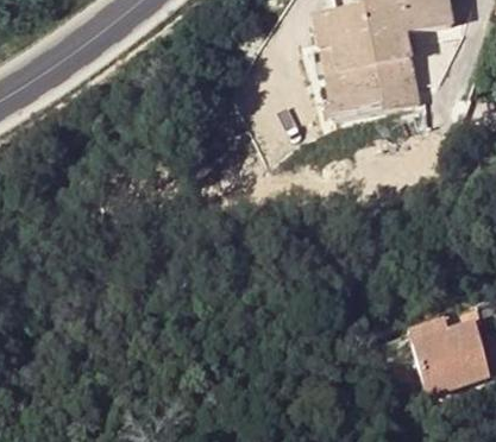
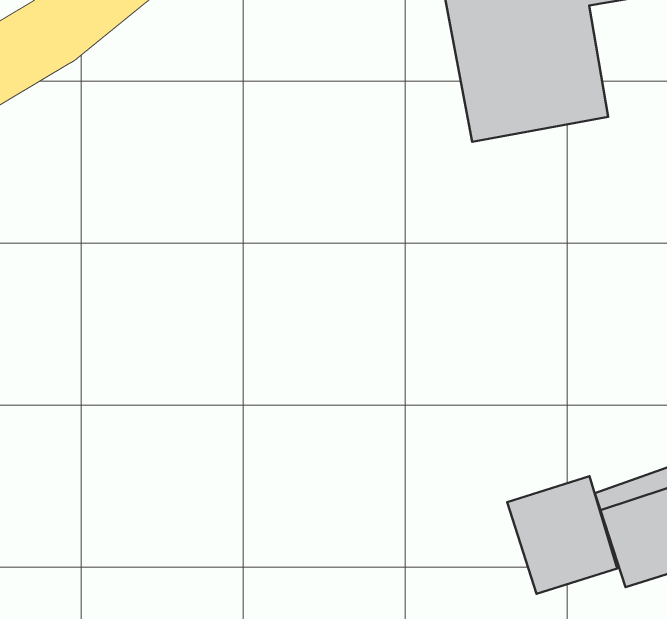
building: none -> [507,476,617,594]

